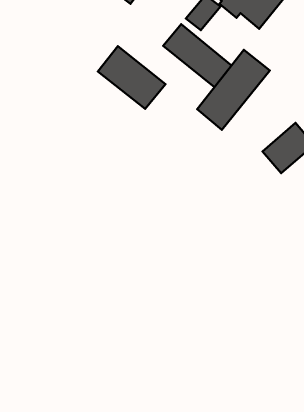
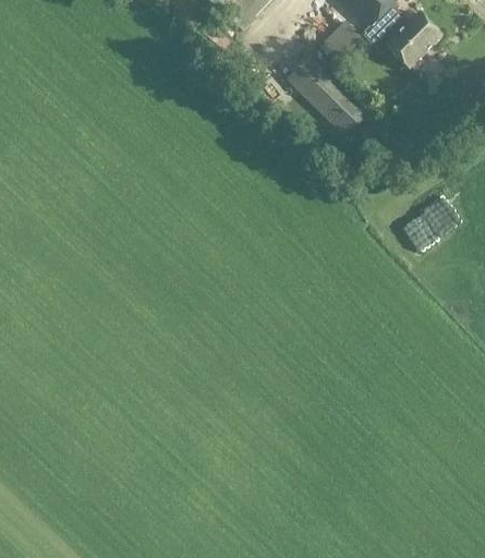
building: [98,46,165,109] -> none
building: [197,50,270,130] -> none

